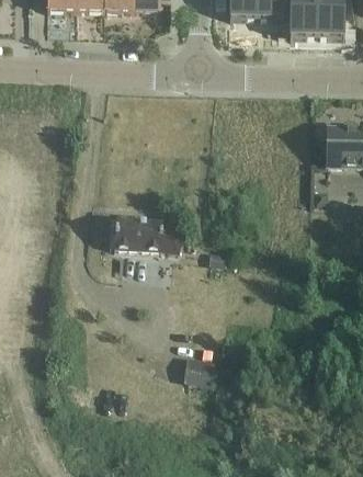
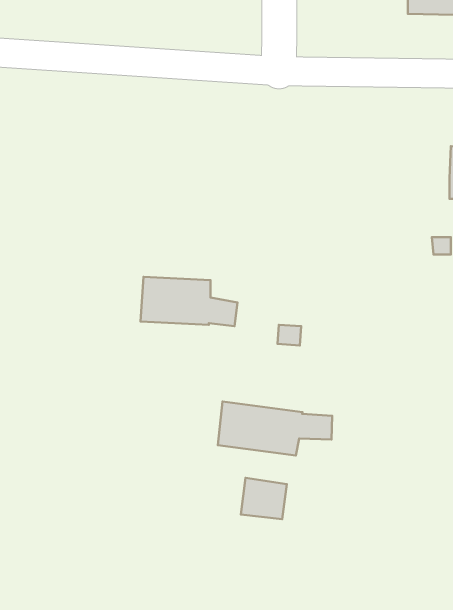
building: none -> [218,401,332,455]

